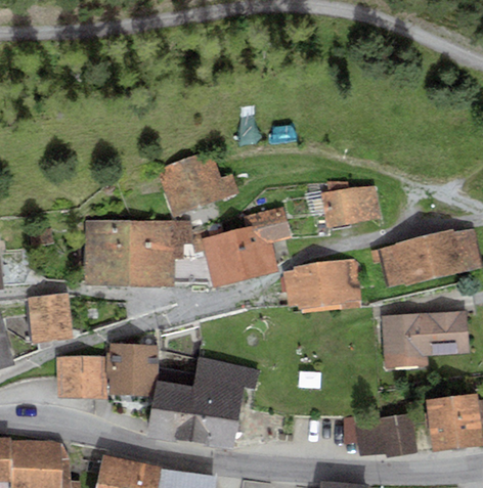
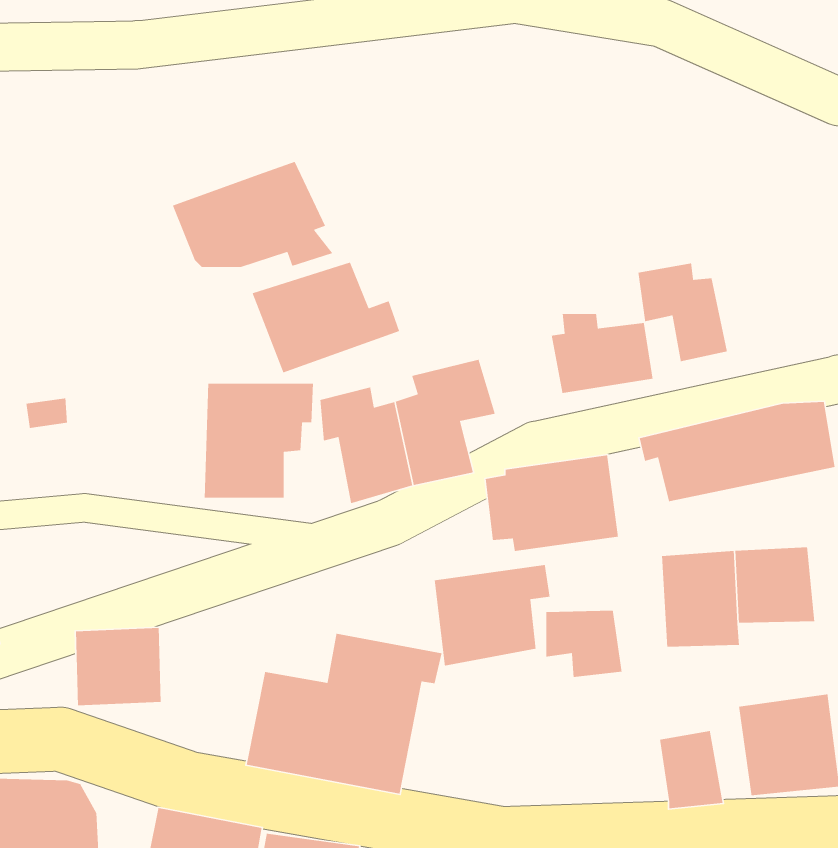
building: none -> [172,161,333,268]
building: none -> [638,262,728,362]
building: [84,220,130,284] -> none
building: [28,295,72,342] -> none
building: none -> [434,564,550,666]
building: [106,344,159,393] -> none
building: [344,418,387,456] -> [545,610,623,678]

